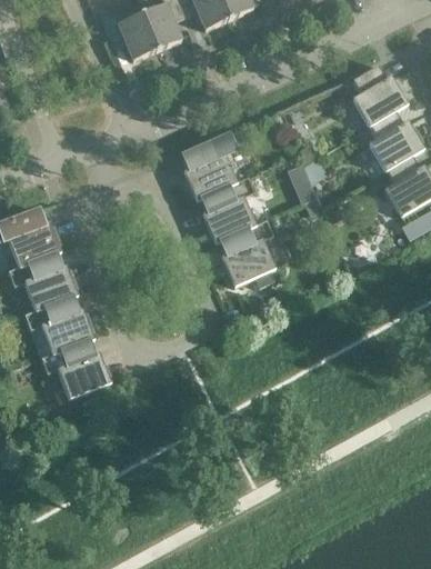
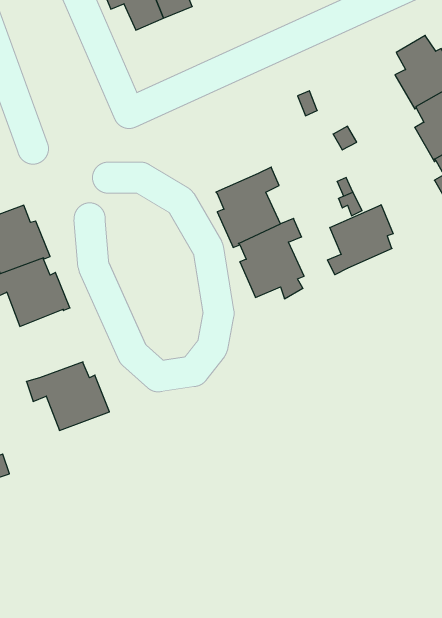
building: [181,132,238,199] -> none
building: none -> [328,205,393,275]
building: [23,295,93,352] -> none

